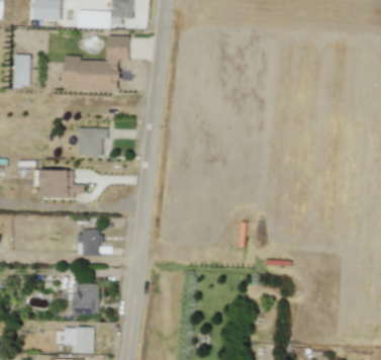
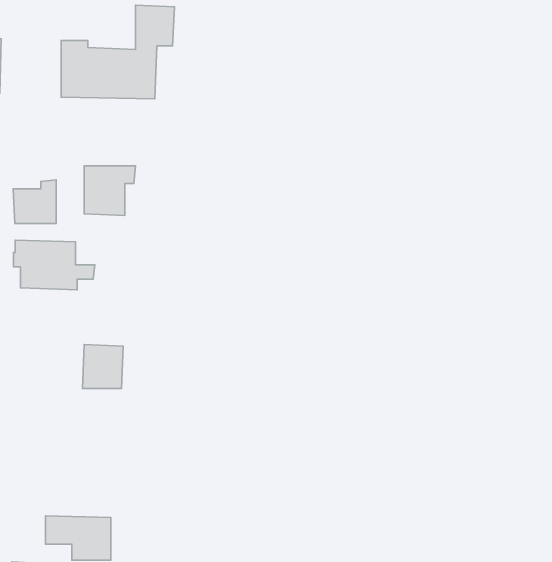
building: none -> [13,180,56,224]
building: [73,283,98,316] -> none

